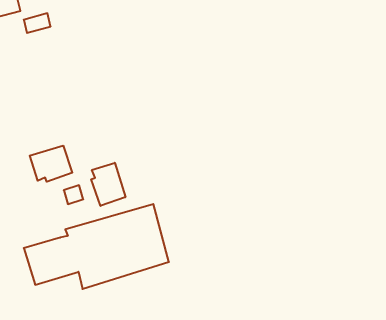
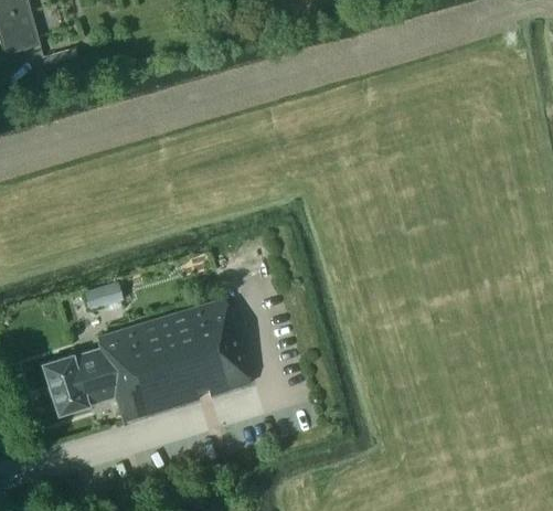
building: [30,146,72,182] -> none
building: [91,163,125,206] -> none

